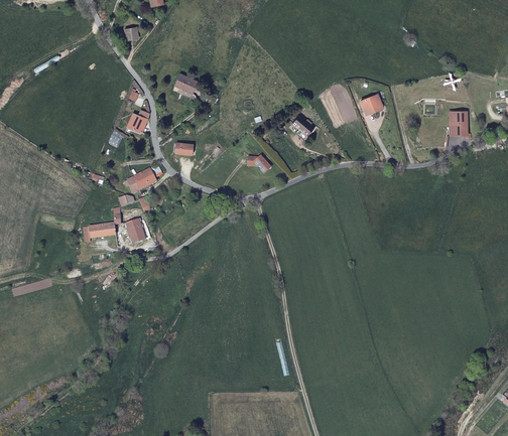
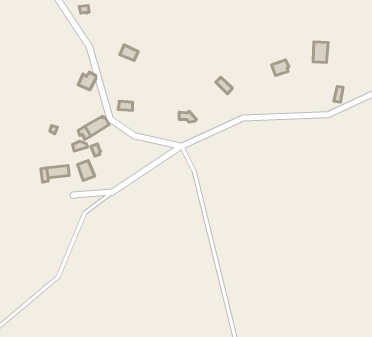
building: [449,111,467,136] -> [313,42,328,63]

